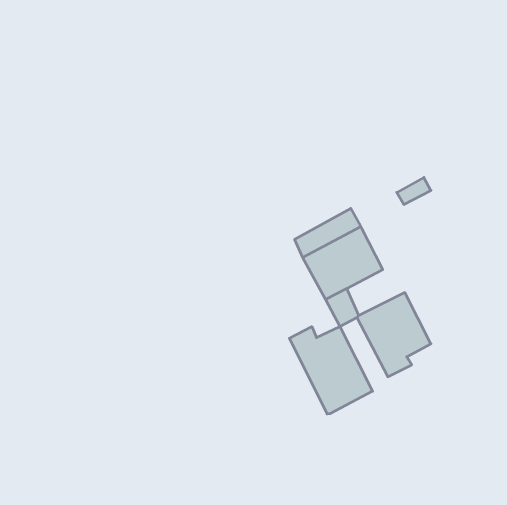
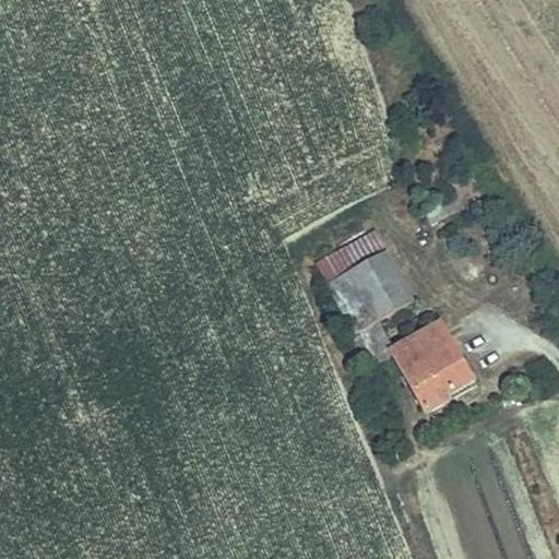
building: [289,327,373,414] -> none

